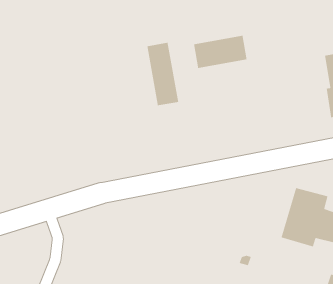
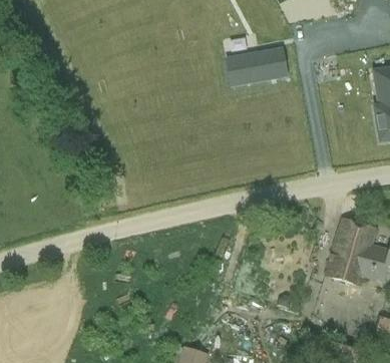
building: [146,42,179,106] -> none

